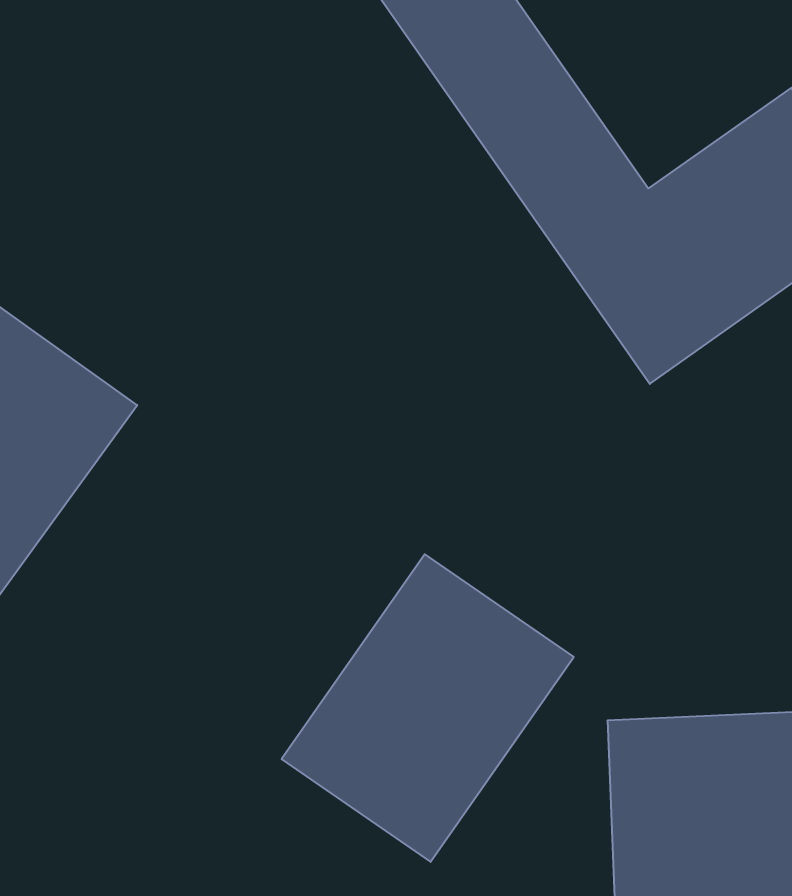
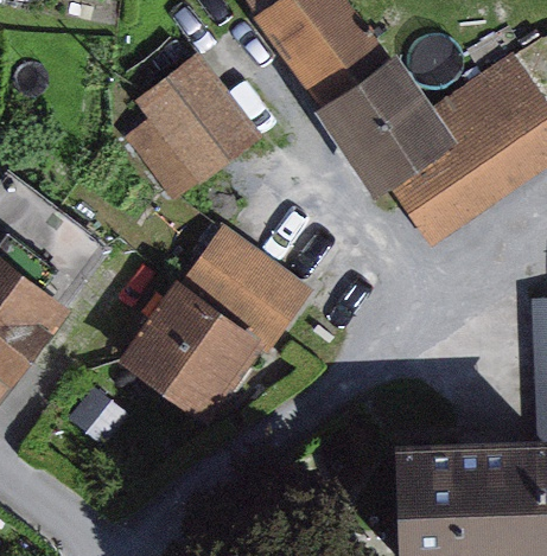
building: none -> [117,57,263,202]
building: [282,554,574,862] -> [122,234,301,422]

